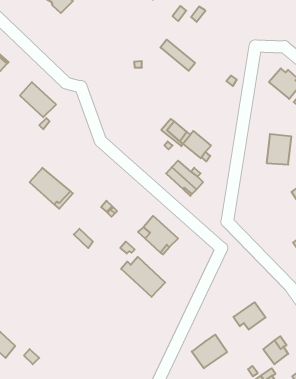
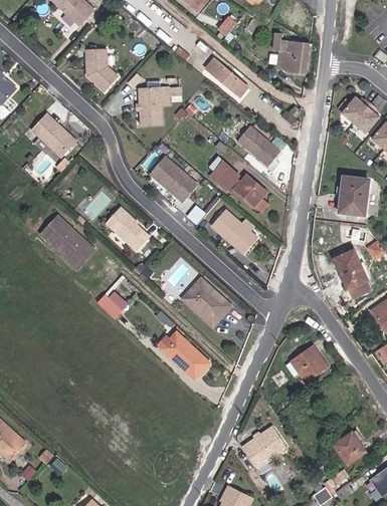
building: none -> [271,31,309,74]
building: none -> [84,46,118,90]
building: none -> [139,84,170,124]
building: none -> [236,124,279,167]
building: none -> [151,157,195,199]
building: none -> [104,207,147,250]
building: none -> [333,250,368,298]
building: [233,302,266,330] -> [285,347,326,382]

